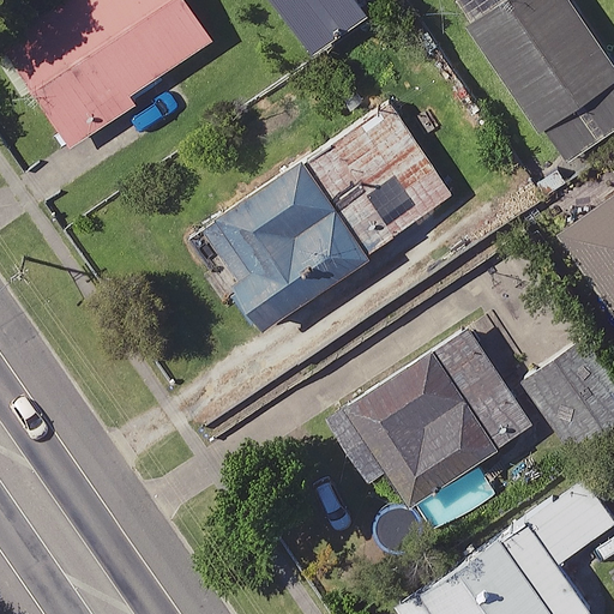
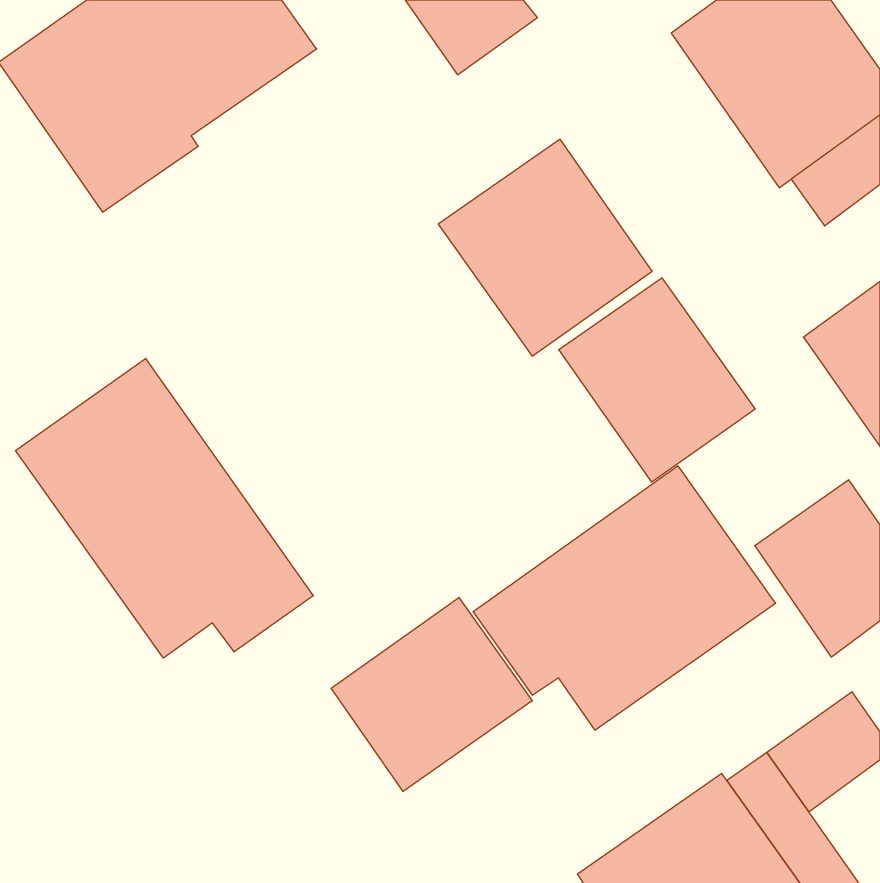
building: [213,157,371,332] -> none
building: none -> [559,278,755,482]
building: none -> [15,358,313,658]
building: none -> [331,597,532,791]

